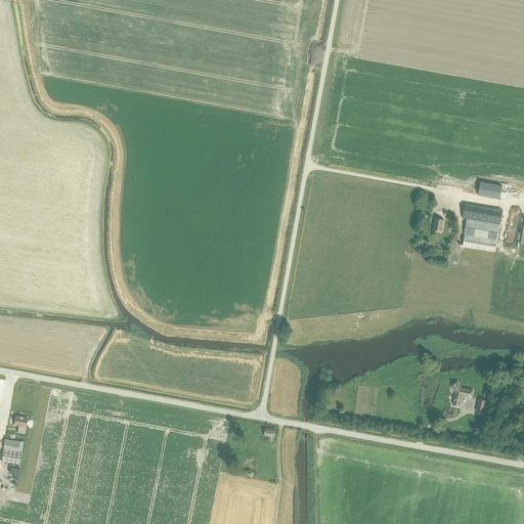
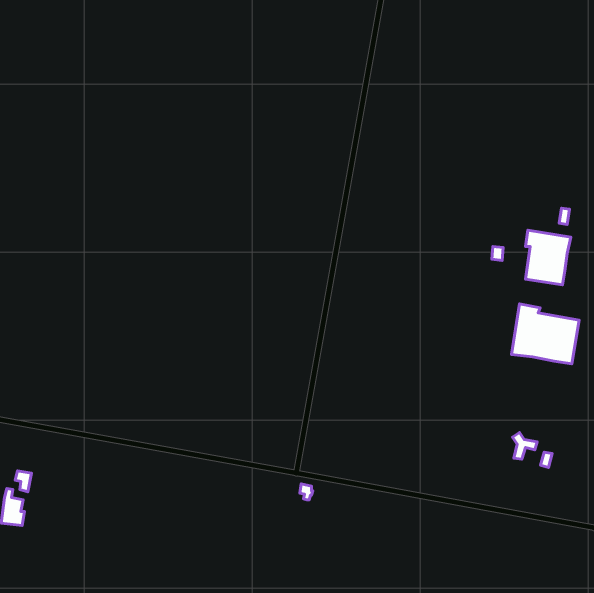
building: none -> [511,304,579,364]

